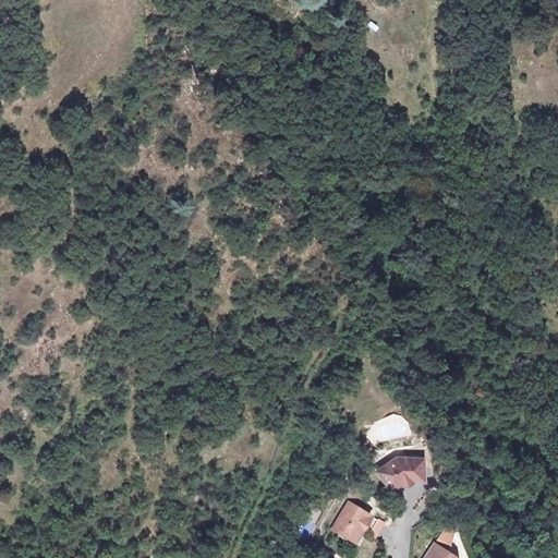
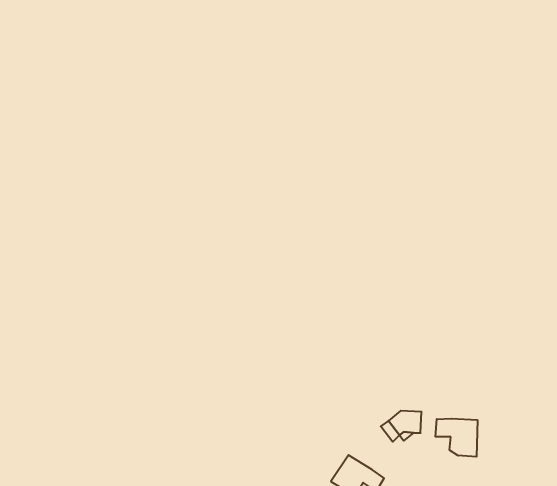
building: none -> [435,419,477,457]

